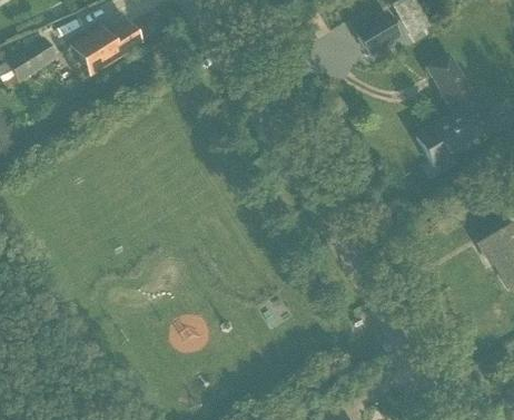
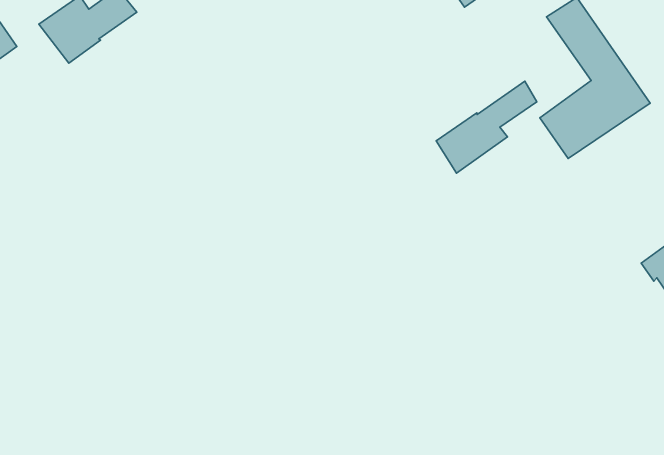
building: none -> [436,81,537,173]

